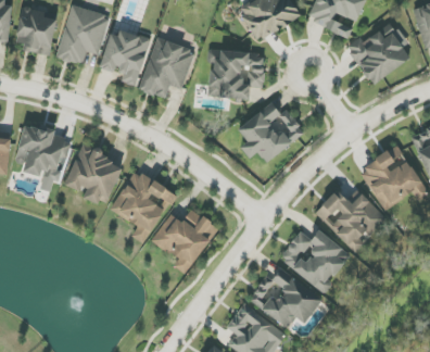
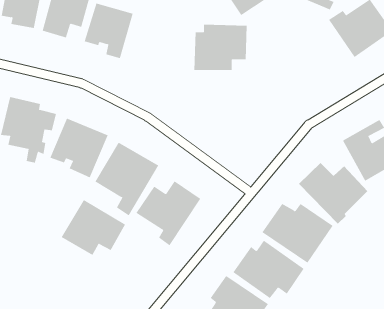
building: [139,37,194,98] -> none
building: [237,104,304,160] -> none
building: none -> [61,199,126,256]

